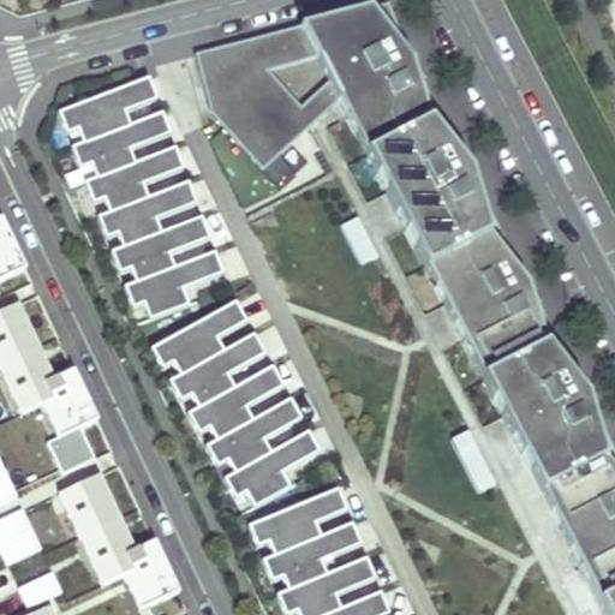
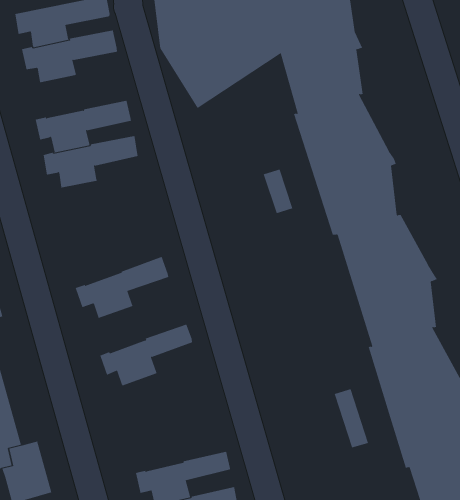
building: [86,141,186,208] -> none
building: [127,245,226,314] -> none
building: [153,298,247,372] -> none
building: [189,362,283,437] -> none
building: [226,426,322,503] -> none
building: [250,482,350,553] -> none

